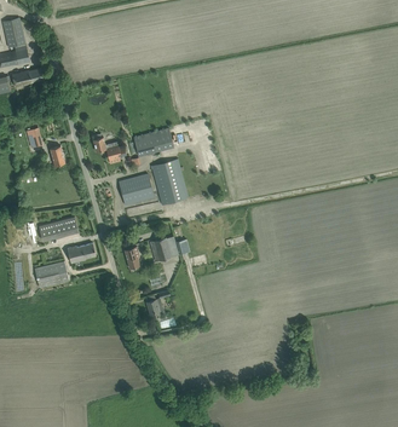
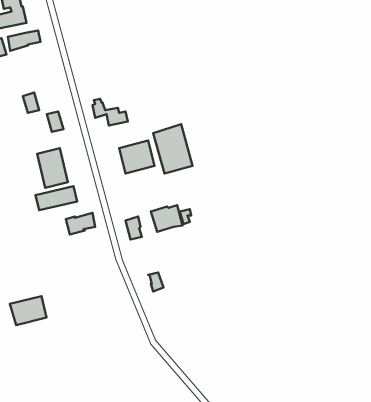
building: [133,127,174,156] -> none
building: none -> [37,148,68,188]
building: [34,260,69,288] -> [10,296,47,325]

